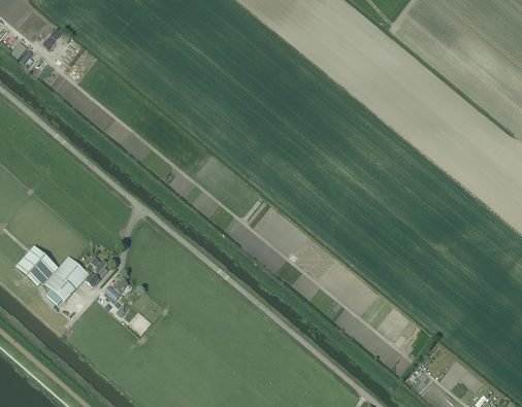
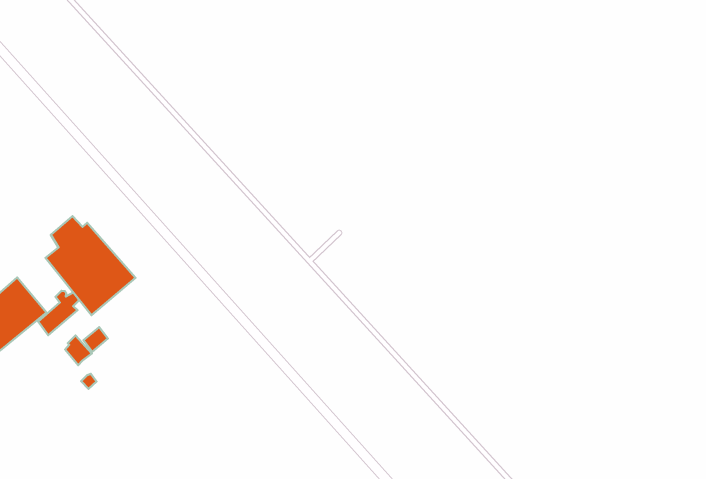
building: none -> [46,216,135,315]

